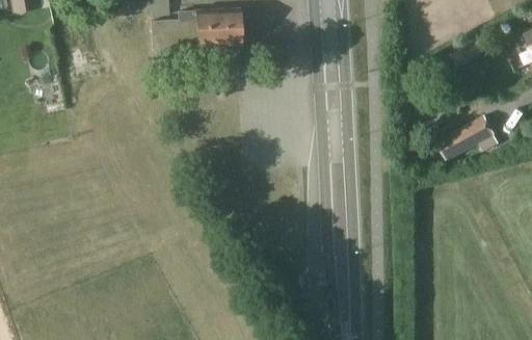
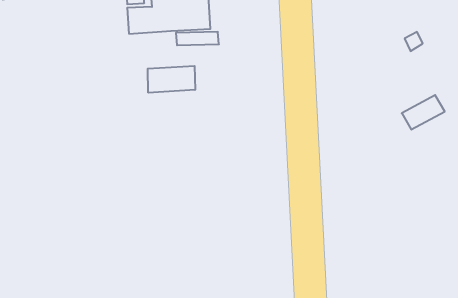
building: none -> [148,66,195,93]

